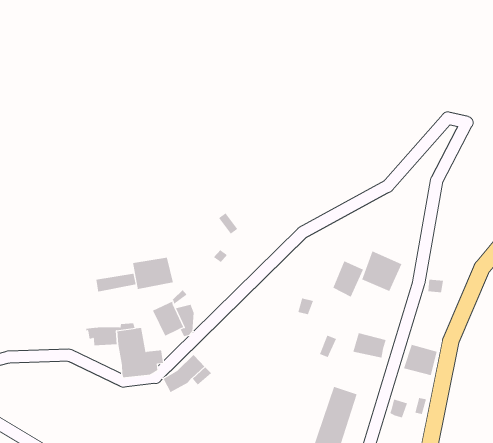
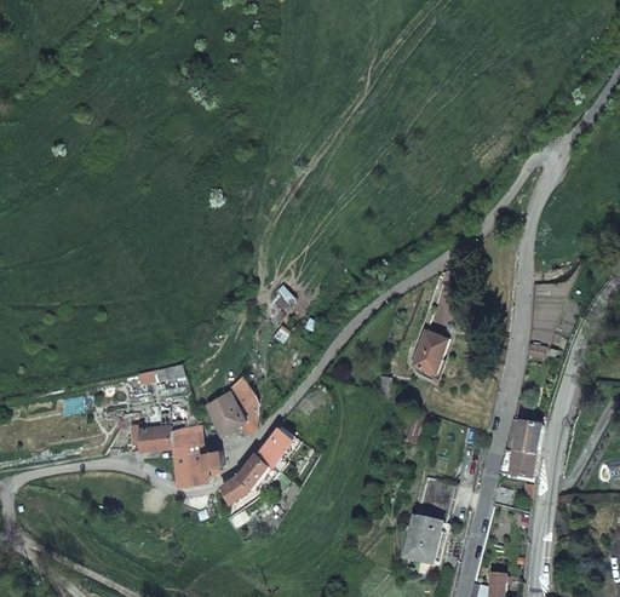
building: [361,251,402,292] -> none
building: [132,257,173,290] -> none
building: [353,333,387,358] -> [498,452,536,480]
building: none -> [262,427,297,464]

